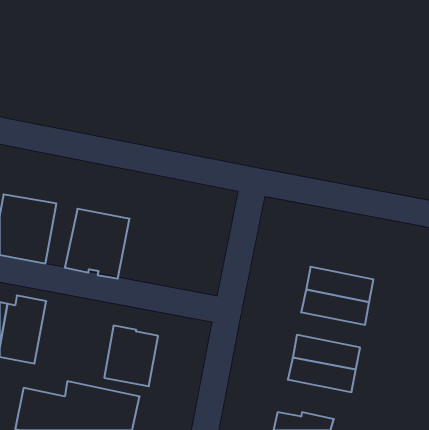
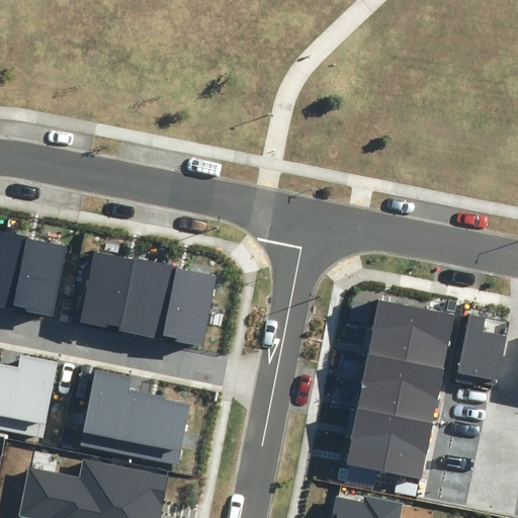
building: none -> [142,263,214,346]
building: none -> [373,294,455,336]
building: none -> [459,309,506,371]
building: none -> [81,371,137,454]
building: none -> [357,375,439,418]

